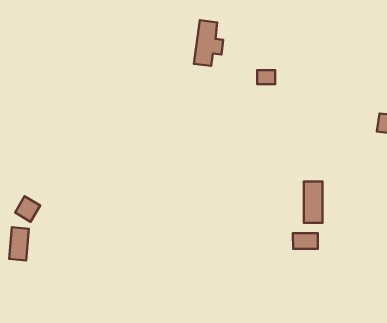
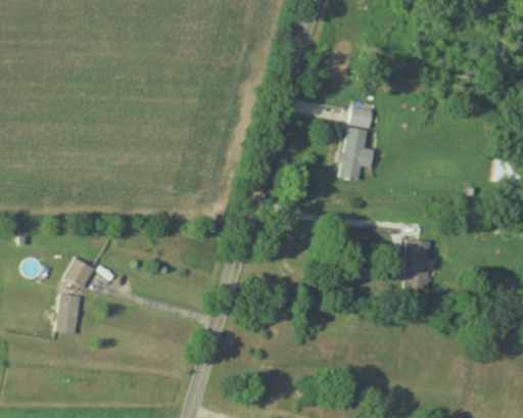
building: [194,20,223,66] -> [339,126,374,180]
building: [293,233,318,249] -> none

